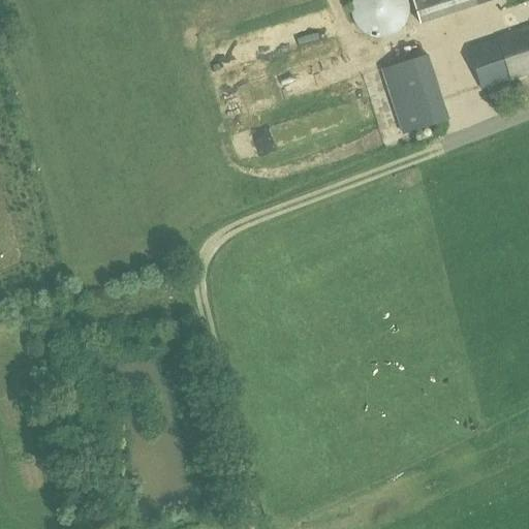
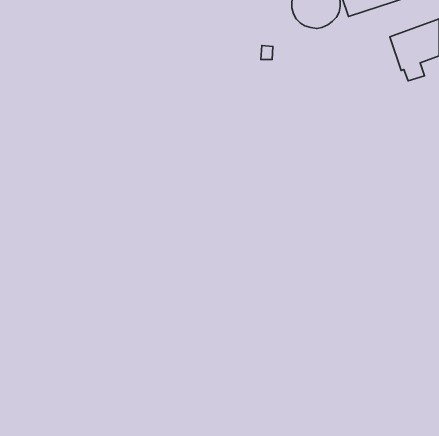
building: [381,52,447,131] -> none

